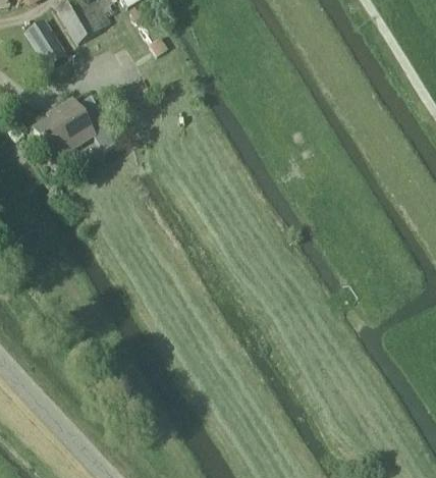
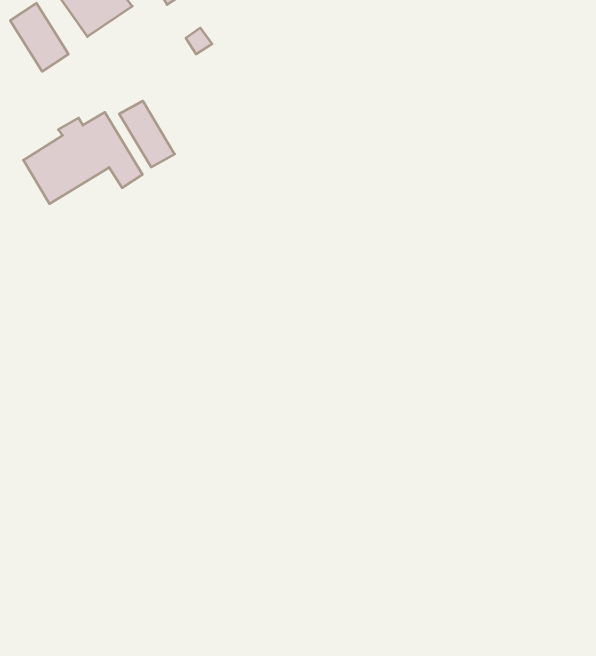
building: none -> [119,101,175,167]

